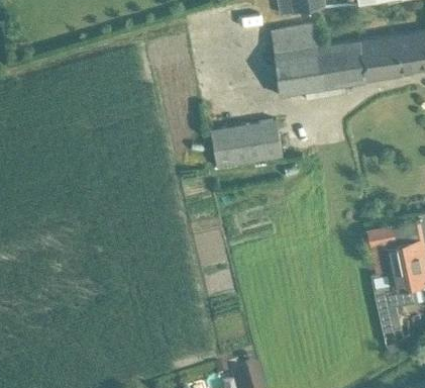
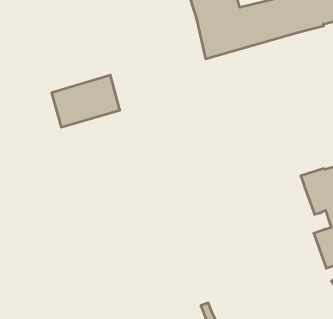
building: [210,119,281,169] -> [52,75,120,127]

